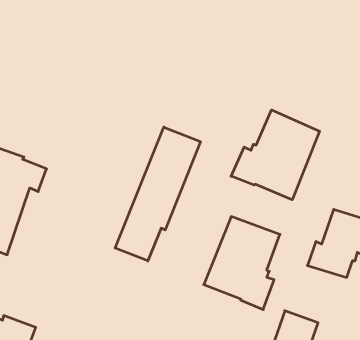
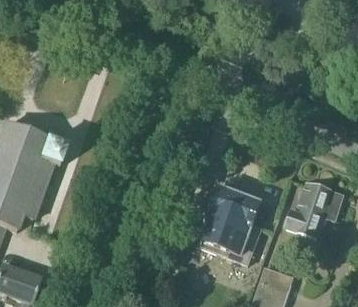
building: [231,110,320,200] -> none
building: [115,127,200,261] -> none

